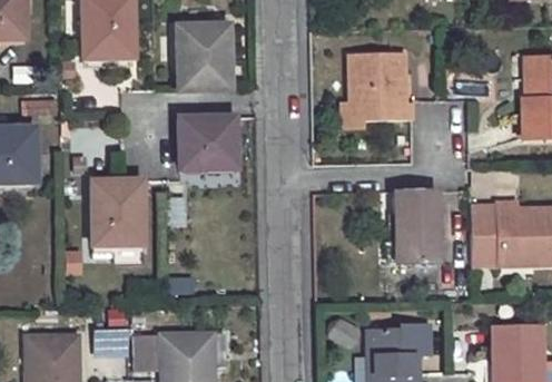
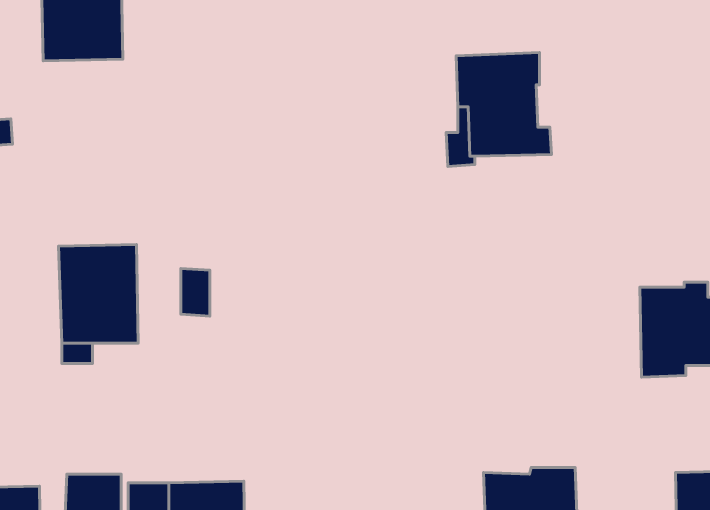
building: [177,25,233,89] -> none
building: [179,116,235,167] -> none
building: [394,190,441,264] -> none

